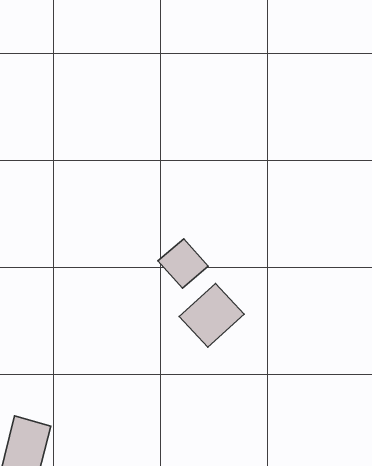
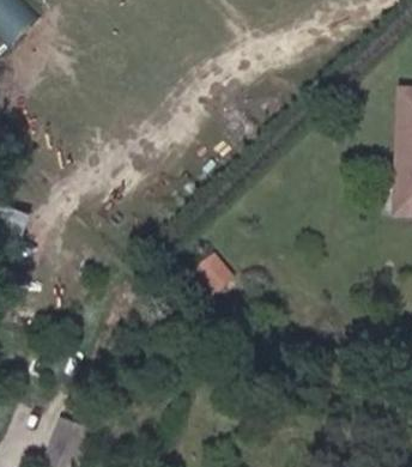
building: [179,284,244,347] -> none

